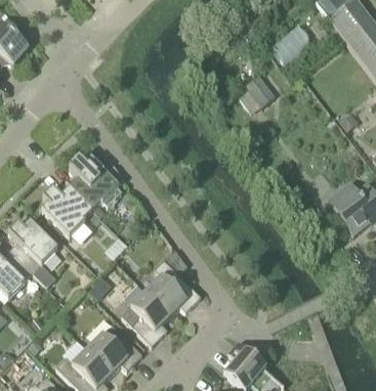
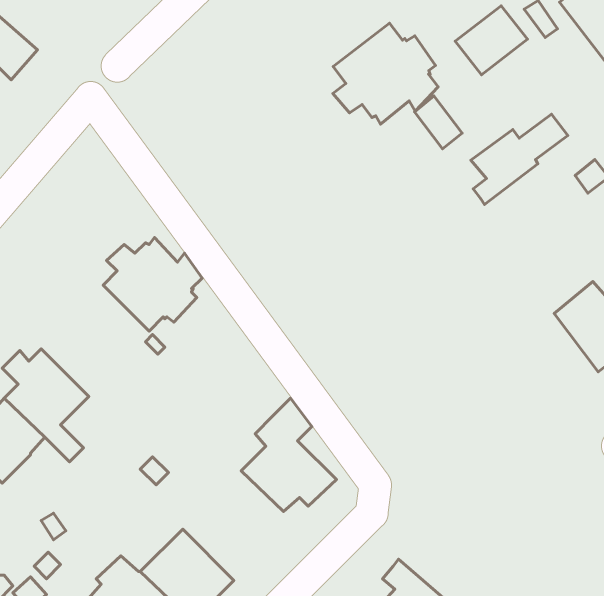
building: none -> [333,23,438,124]
building: none -> [471,114,568,205]
building: [41,183,92,235] -> none
building: [130,291,170,345] -> none

